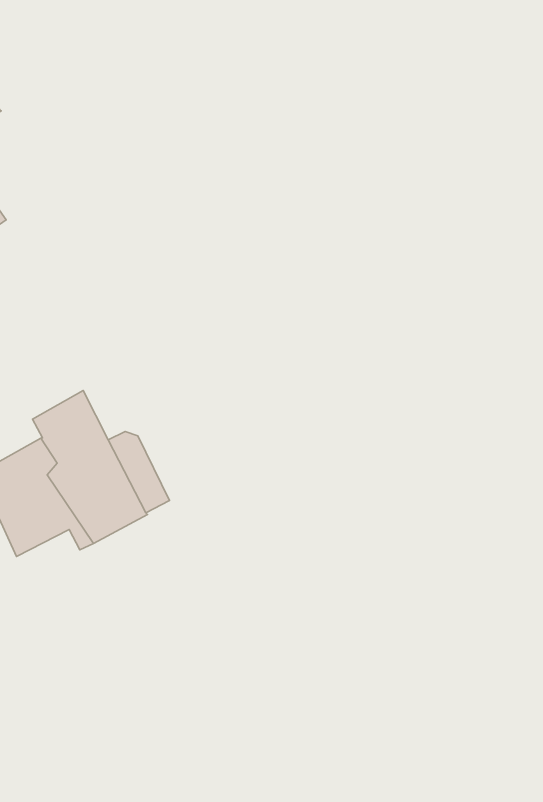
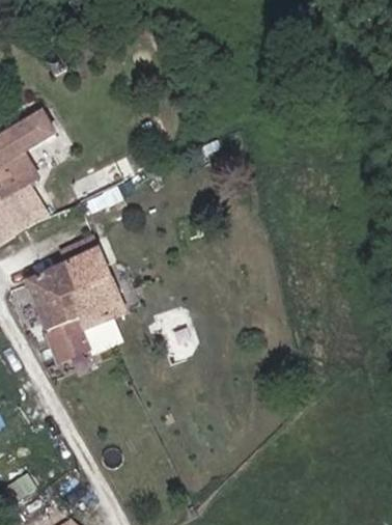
building: none -> [46,317,89,359]

